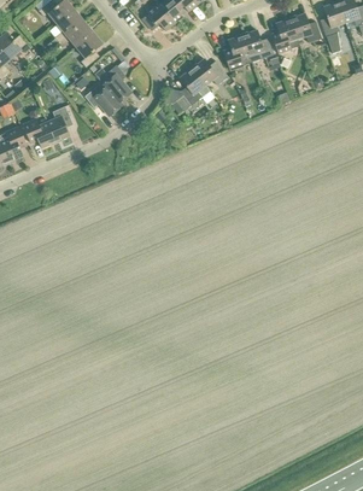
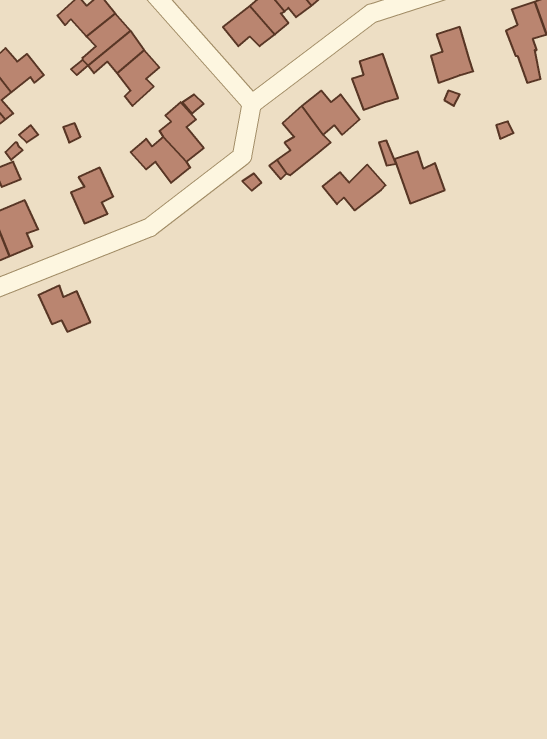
building: [289,13,321,42] -> none
building: [241,30,273,63] -> [395,151,445,203]
building: none -> [323,165,386,210]
building: [22,118,54,147] -> [38,286,90,332]

